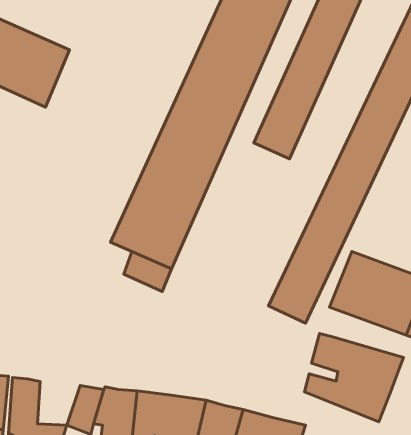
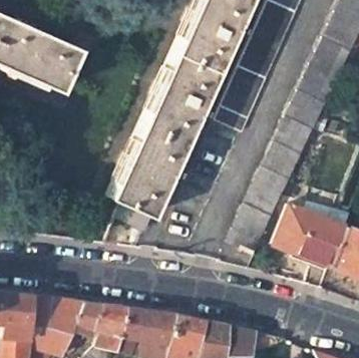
building: [304,333,403,422] -> none
building: none -> [51,300,83,333]

